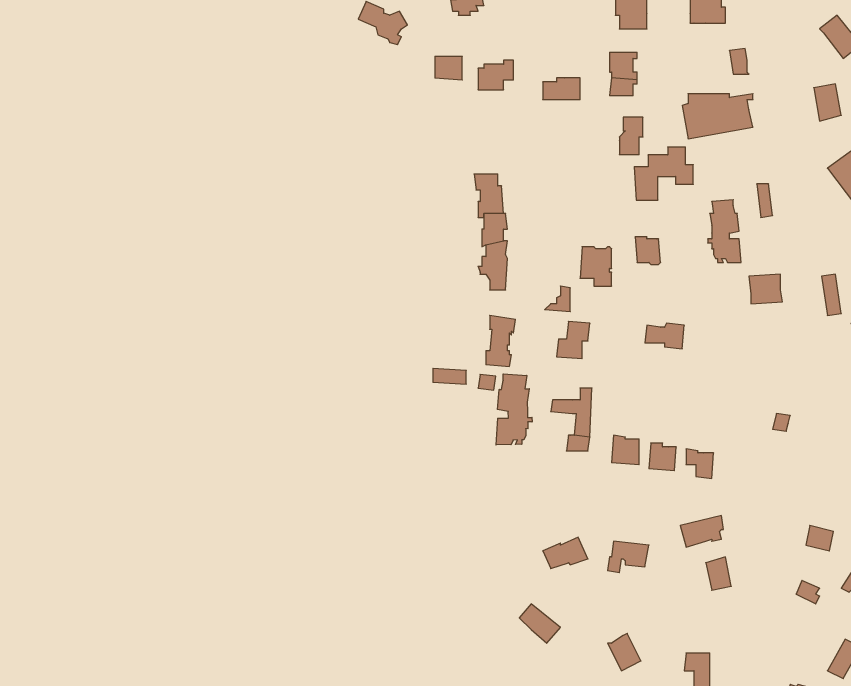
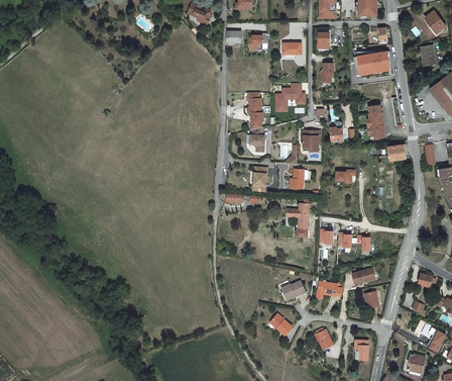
building: [634,147,693,200] -> [274,85,305,112]
building: [496,374,532,445] -> none

